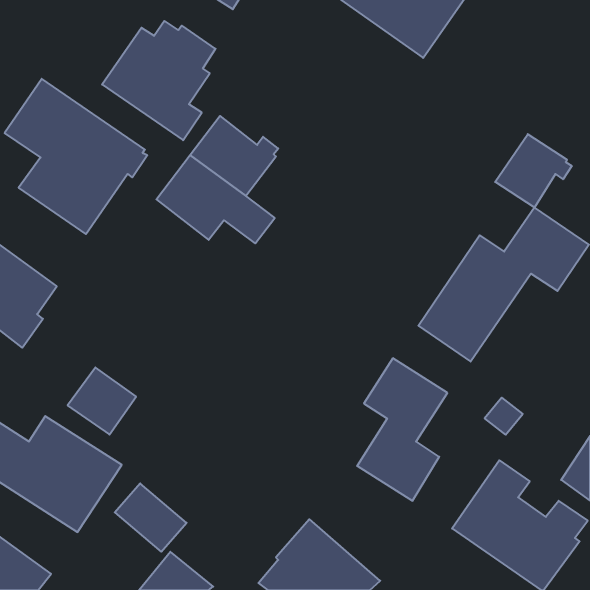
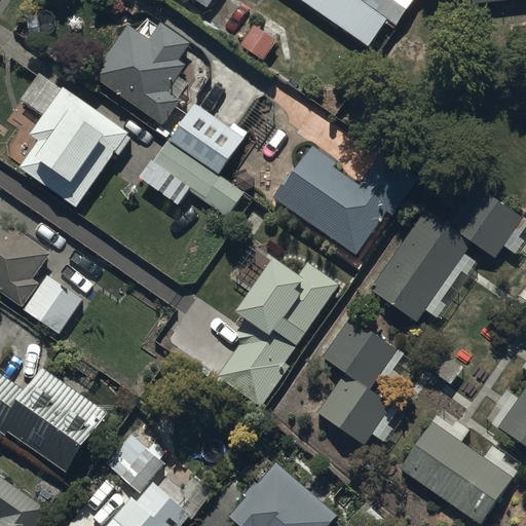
building: [495,134,572,207] -> none
building: none -> [274,145,417,255]
building: none -> [218,258,338,405]
building: [68,367,136,435] -> [22,274,82,334]

